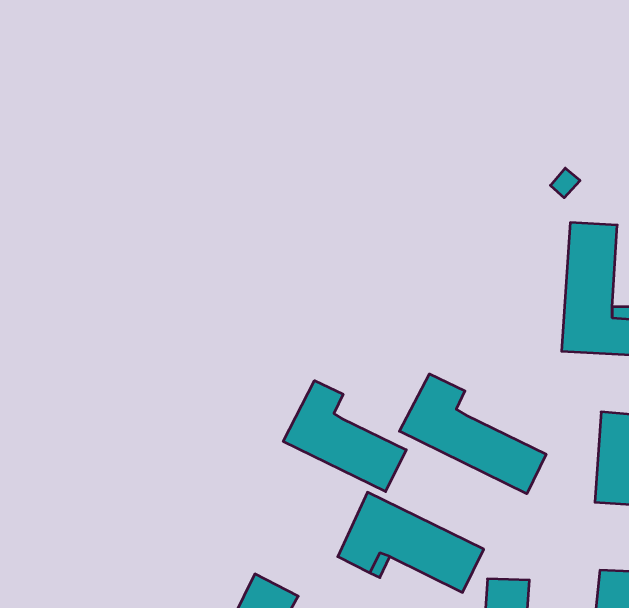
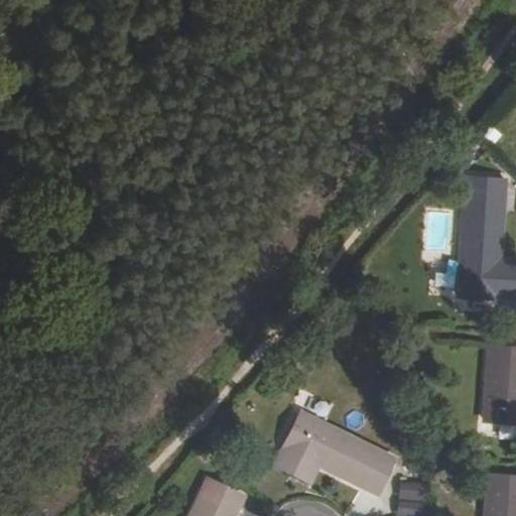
building: [399,374,546,494] -> none
building: [283,381,406,492] -> none

